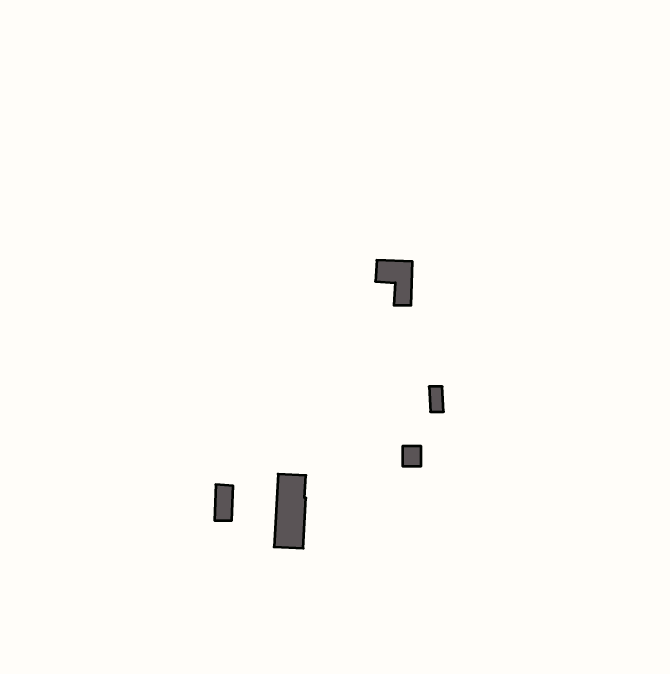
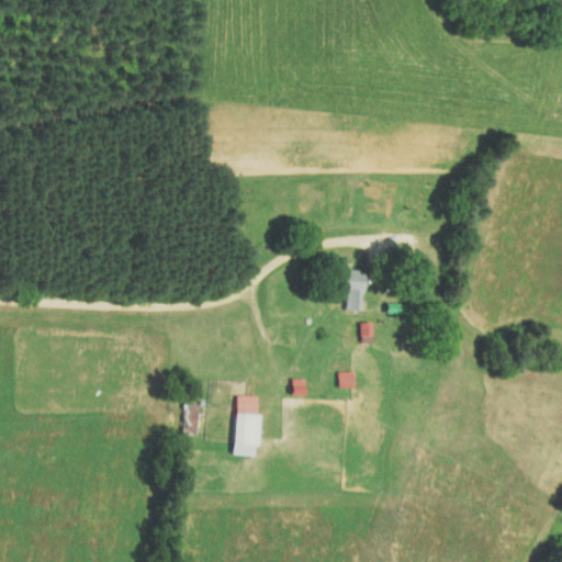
building: [375,260,412,305] -> [331,273,362,311]

